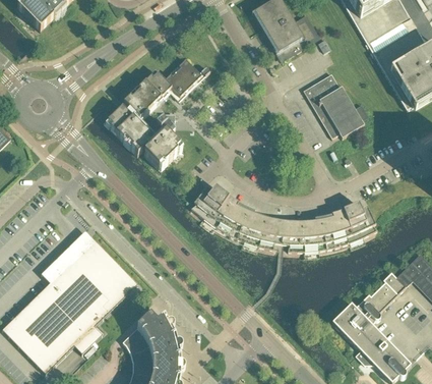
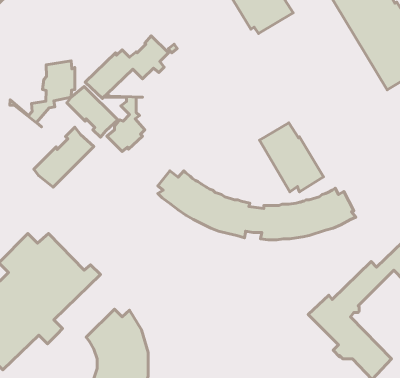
building: [303,72,363,138] -> [260,123,323,192]
building: none -> [10,61,75,127]
building: none -> [34,127,94,187]

